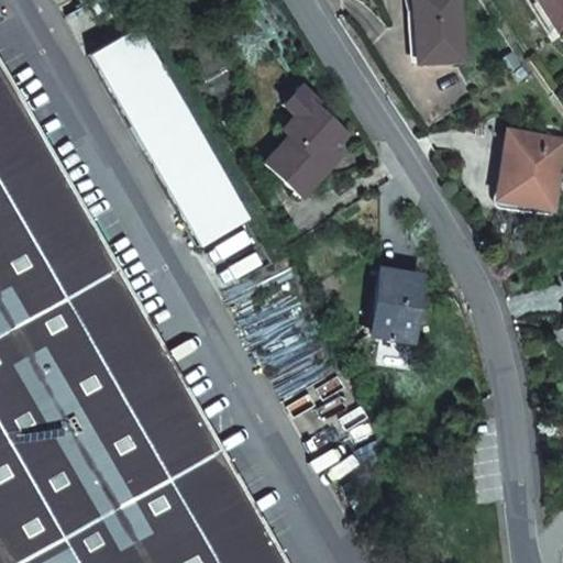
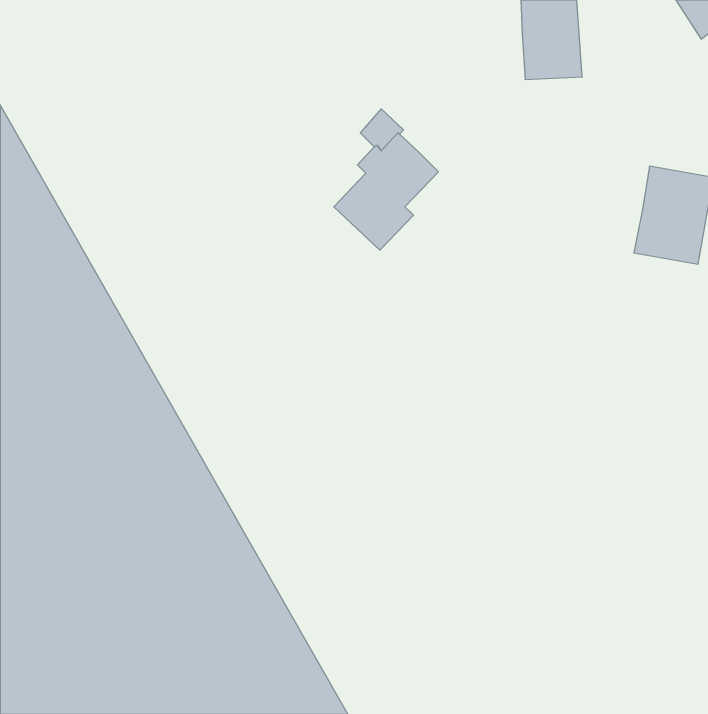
building: [89,24,246,245] -> none
building: [372,269,422,340] -> none

